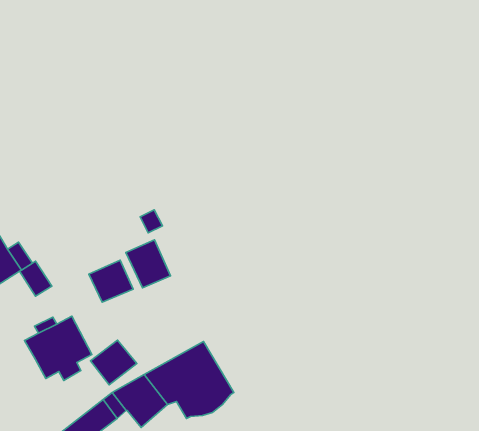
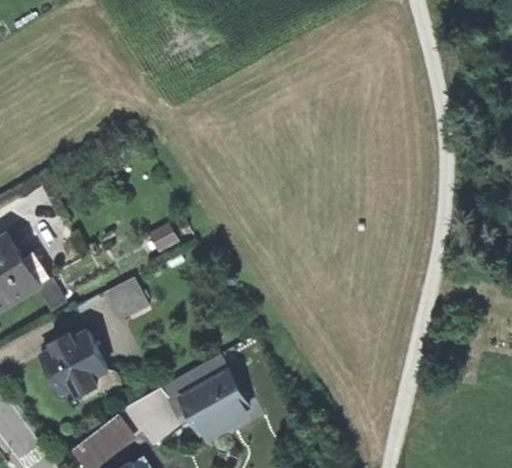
building: [126,240,171,288] -> none
building: [91,340,137,385] -> none

